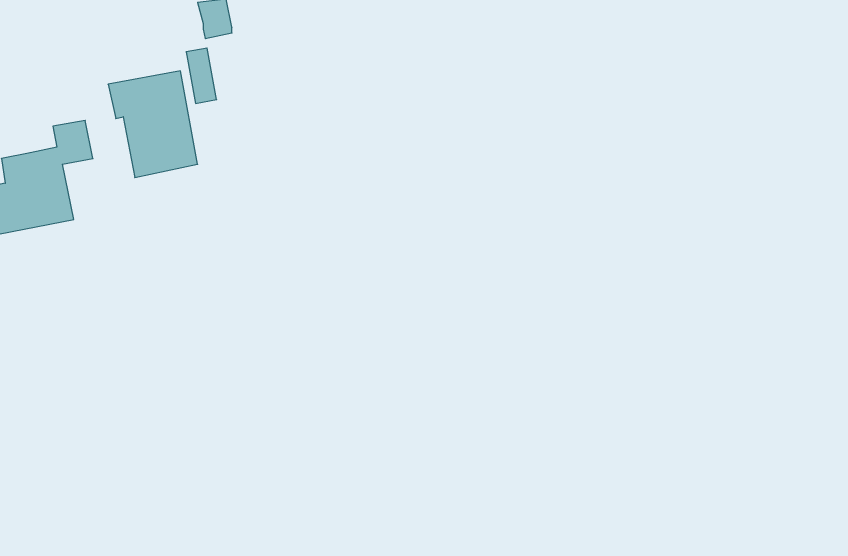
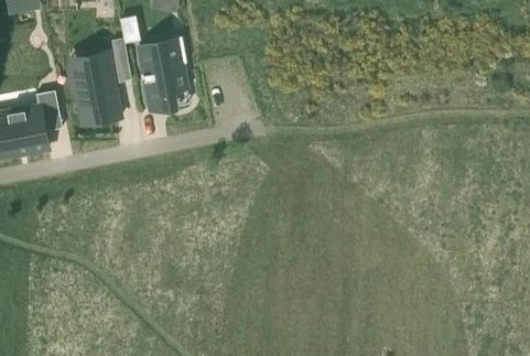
building: none -> [138,39,185,111]

